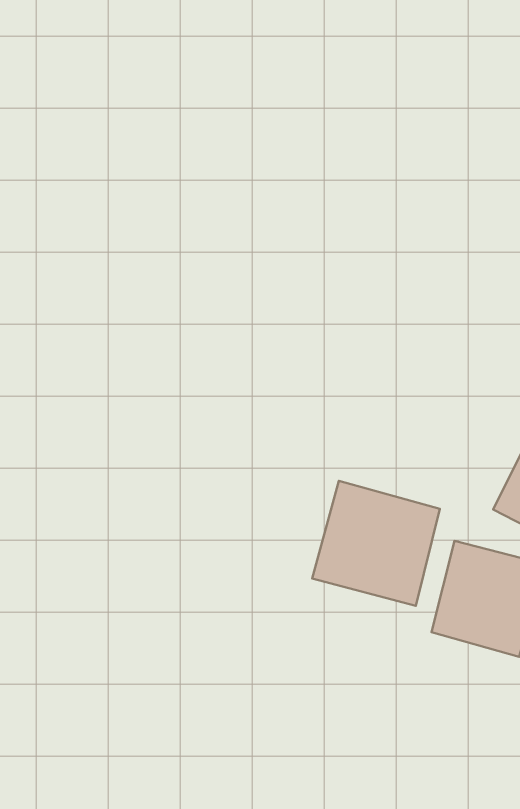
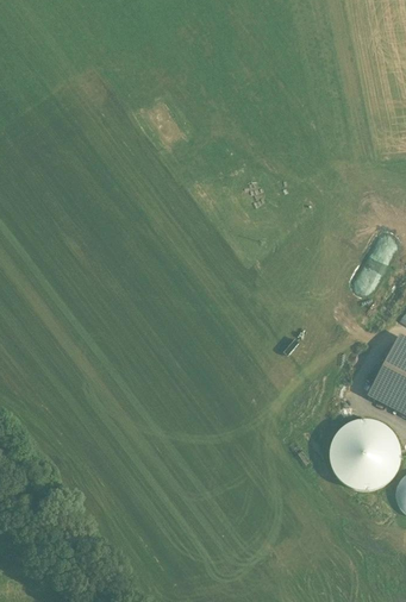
building: [312,481,440,606] -> none

